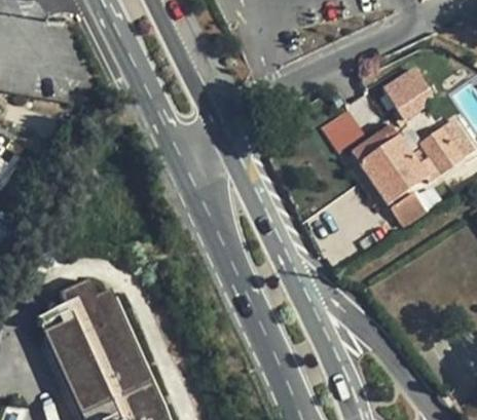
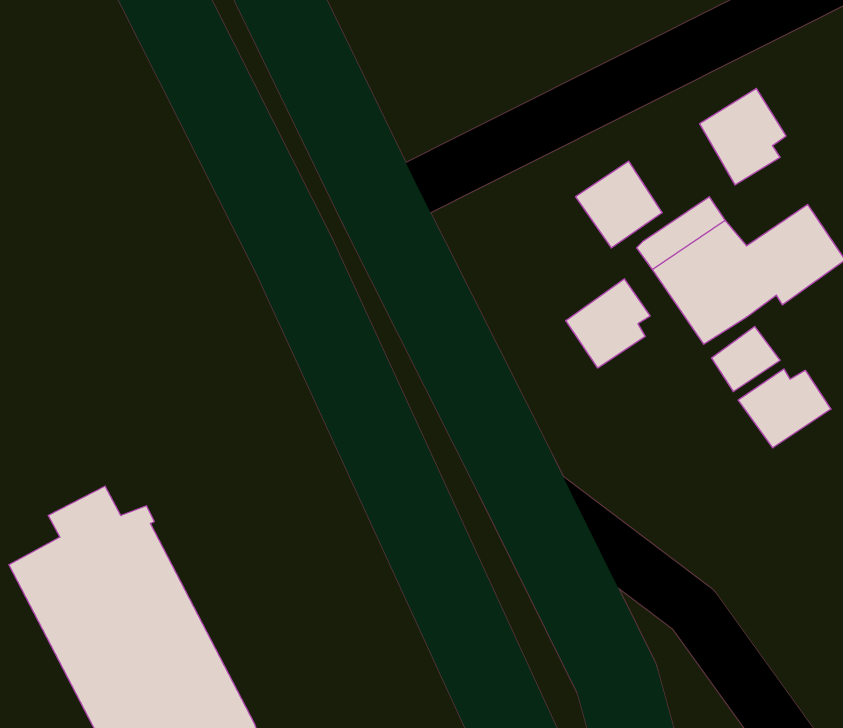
building: none -> [566,279,650,368]
building: none -> [738,369,831,448]

